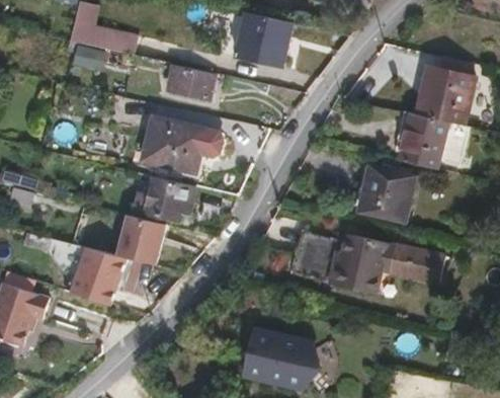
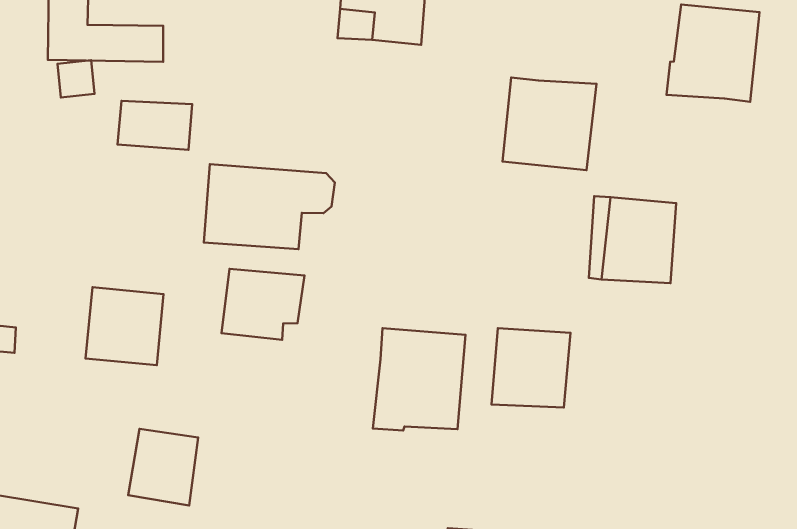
building: [171,65,217,98] -> [118,101,192,150]
building: [390,111,449,170] -> [502,77,597,170]
building: [114,216,164,265] -> [86,287,164,365]
building: none -> [373,328,466,431]
building: [334,234,444,295] -> none

